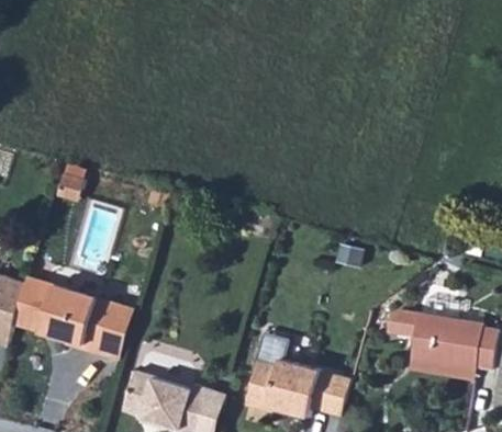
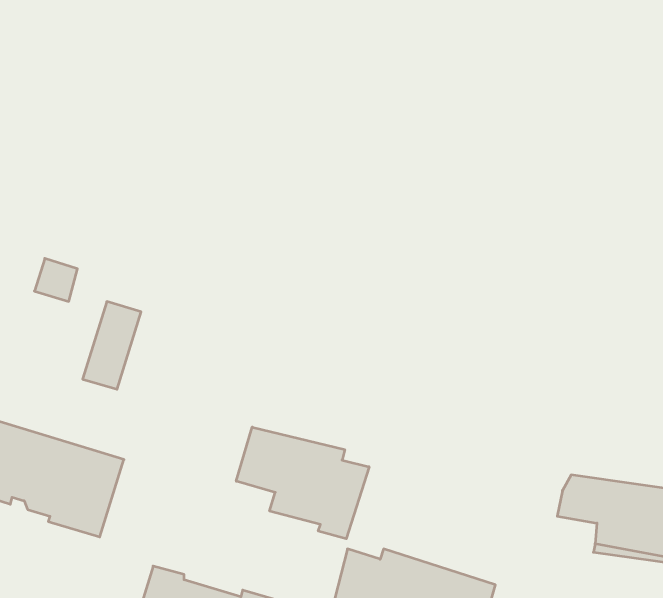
building: none -> [236,427,369,539]
building: [97,302,134,357] -> [83,302,141,389]

